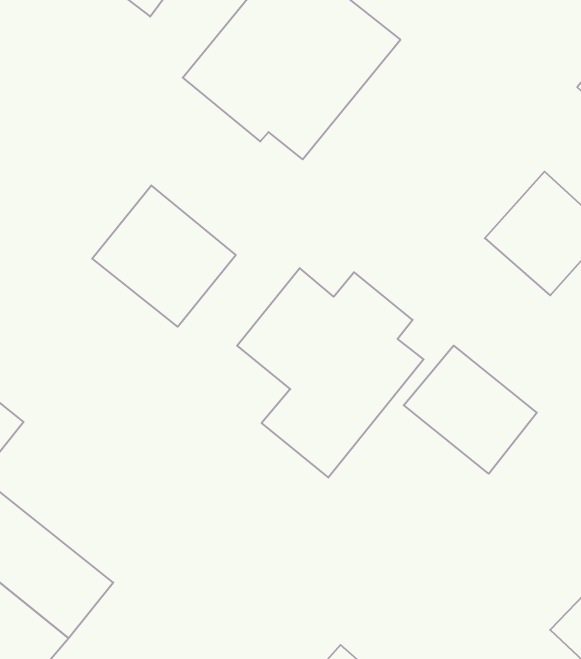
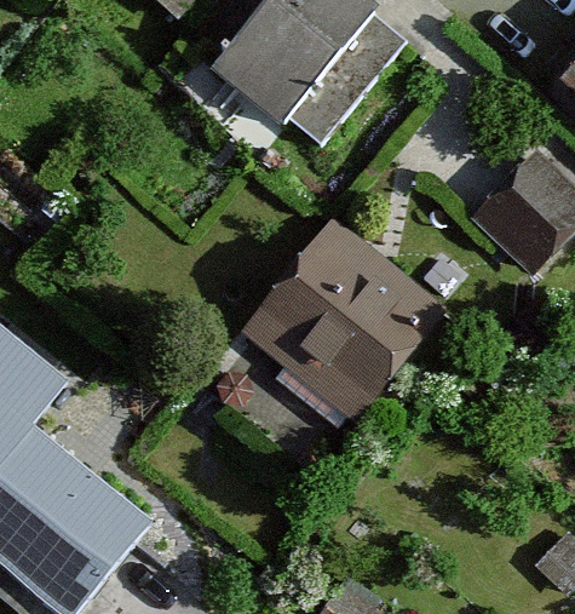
building: [92,185,236,327] -> none
building: [404,346,537,474] -> none

